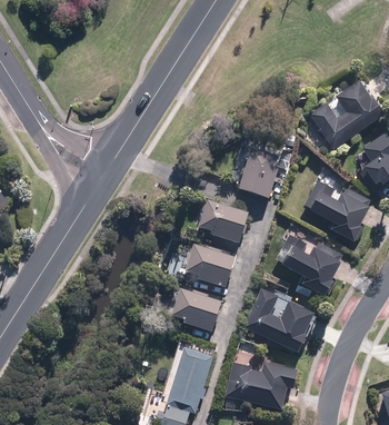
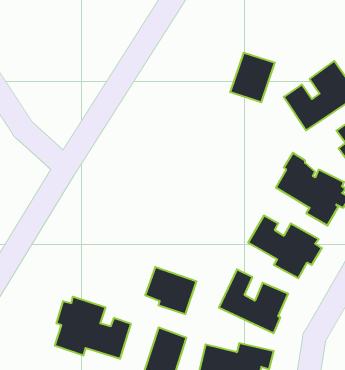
building: [239,148,283,197] -> [230,53,275,102]
building: [192,199,245,245] -> none
building: [186,241,236,286] -> none
building: none -> [55,297,131,359]

